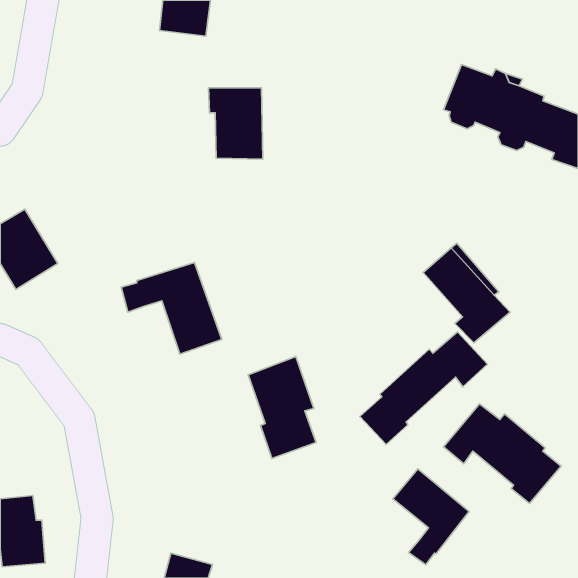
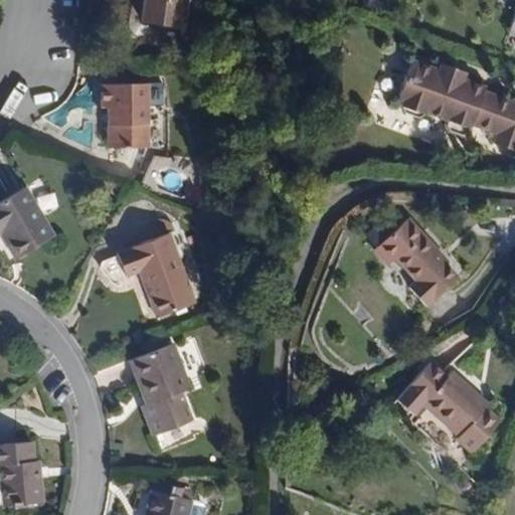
building: [208,88,263,159] -> [101,90,149,153]
building: [360,332,487,444] -> none
building: [248,357,316,458] -> [134,344,194,435]
building: [393,469,469,565] -> none

